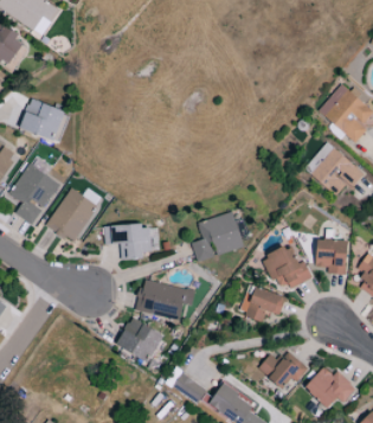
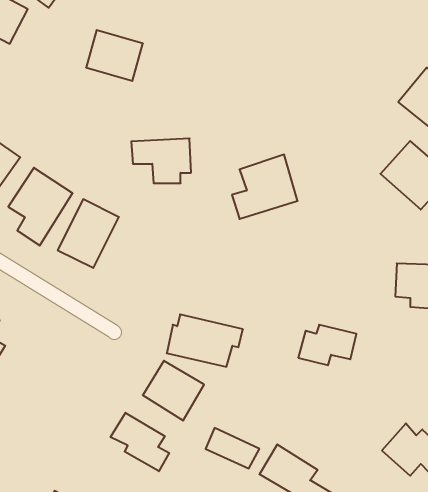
building: [21,100,66,140] -> [86,30,143,81]
building: [192,211,244,262] -> [232,155,298,219]
building: [104,224,152,259] -> [131,138,191,183]
building: [264,244,311,291] -> none
building: [258,353,309,389] -> none
building: none -> [111,413,169,471]

